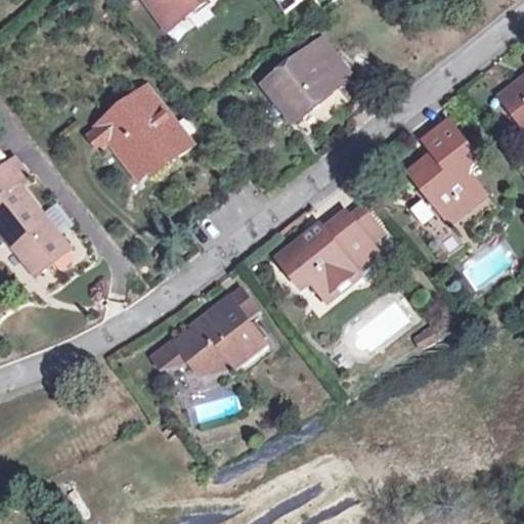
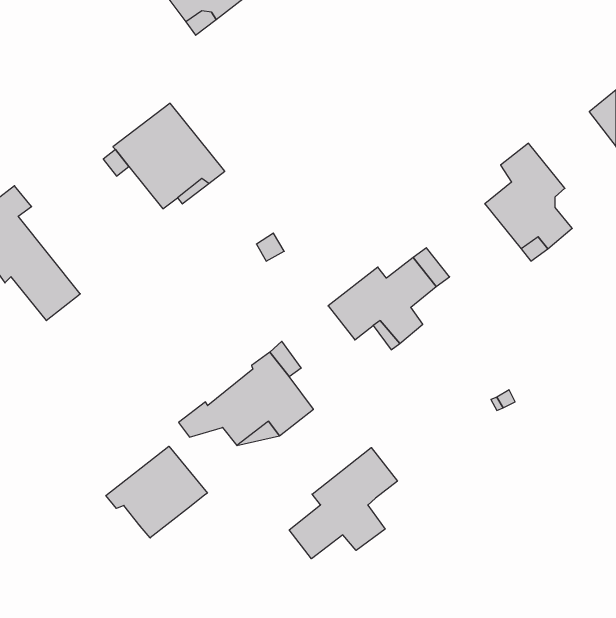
building: [265,40,346,119] -> none
building: none -> [106,446,207,538]
building: none -> [289,448,397,559]

